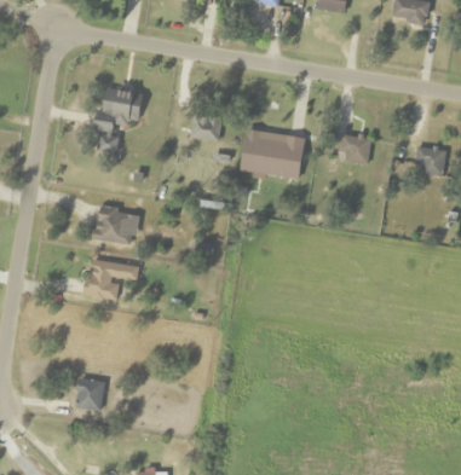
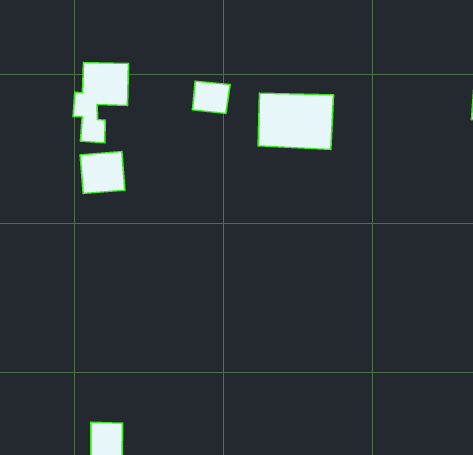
building: [340,133,373,164] -> none
building: [97,209,132,242] -> [80,151,125,193]
building: [87,260,139,300] -> none

